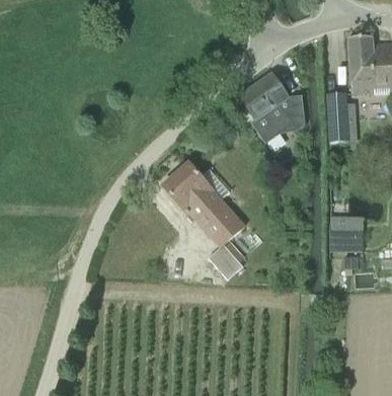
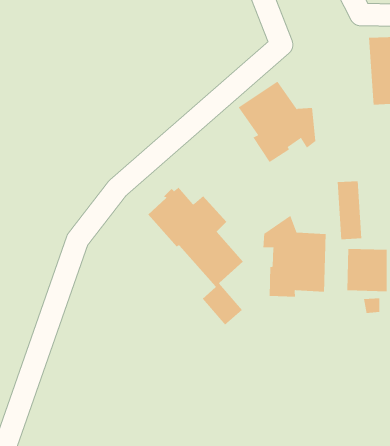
building: [327,93,348,143] -> [337,181,362,240]
building: none -> [263,215,326,297]

